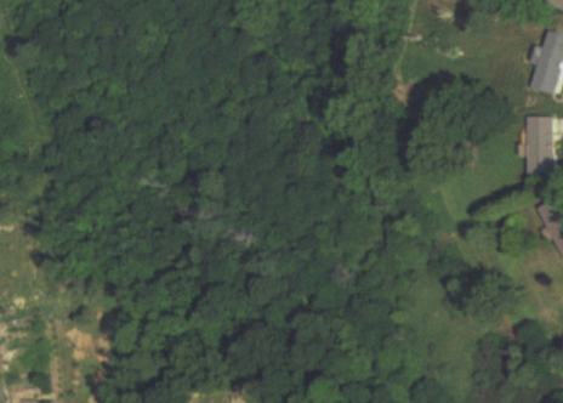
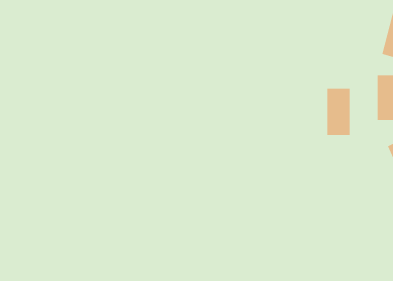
building: none -> [327,88,350,136]

